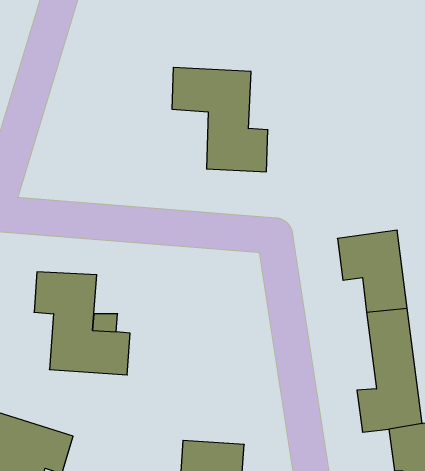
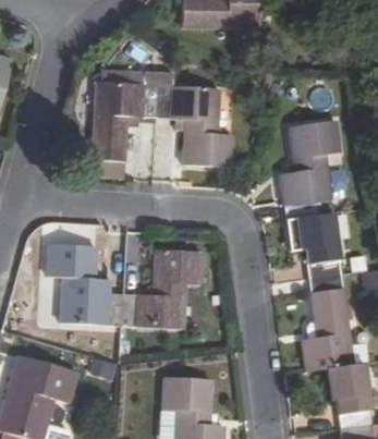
building: none -> [93,82,157,161]
building: none -> [280,120,340,219]
building: none -> [121,251,203,330]

